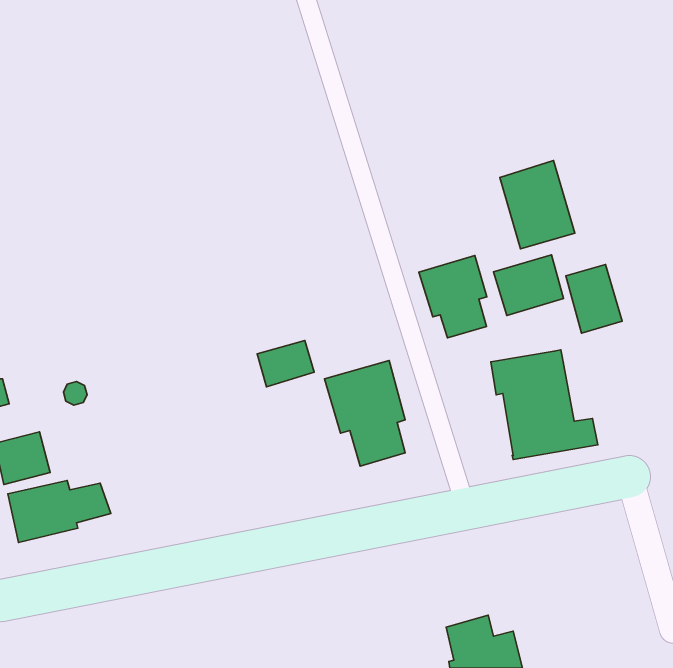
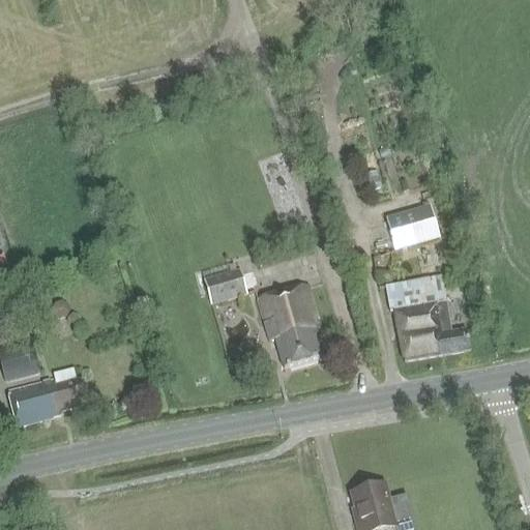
building: [500,160,575,249] -> none
building: [419,256,487,338] -> none
building: [566,264,622,333] -> none

